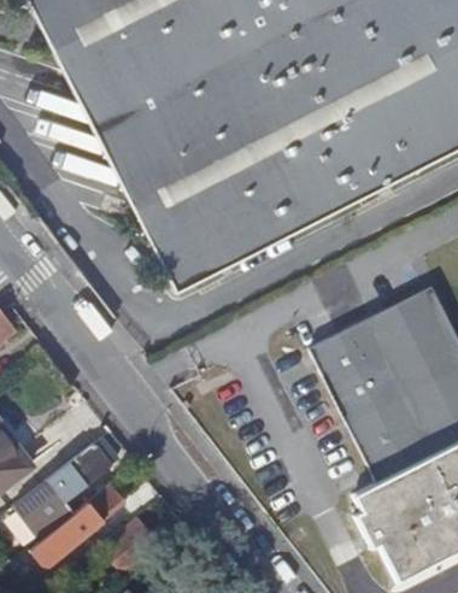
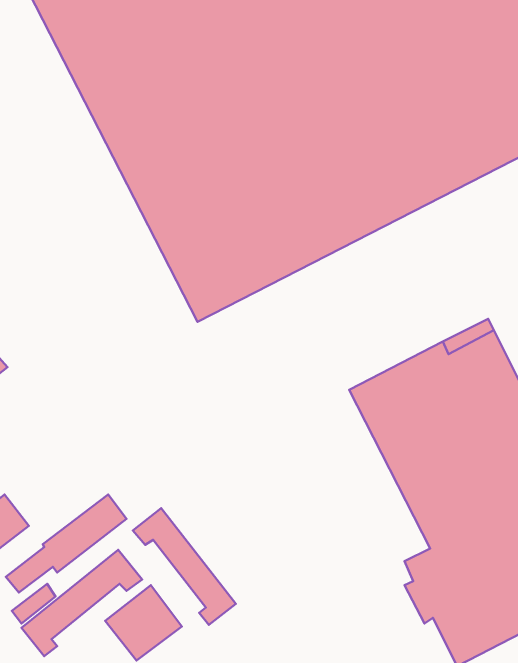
building: none -> [133,508,236,625]

